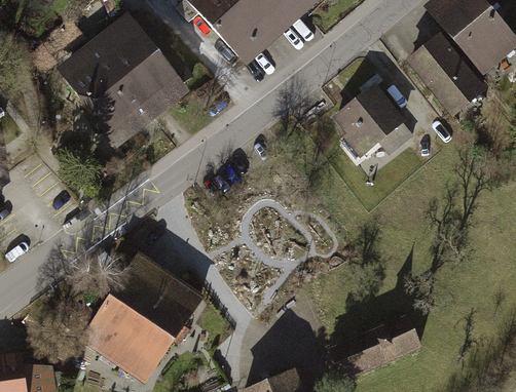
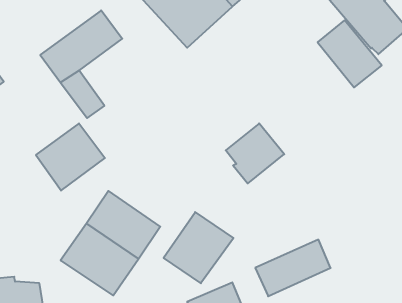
building: [103,54,190,140] -> [36,123,105,191]
building: [335,85,409,161] -> [226,123,284,183]
building: none -> [164,212,233,283]

